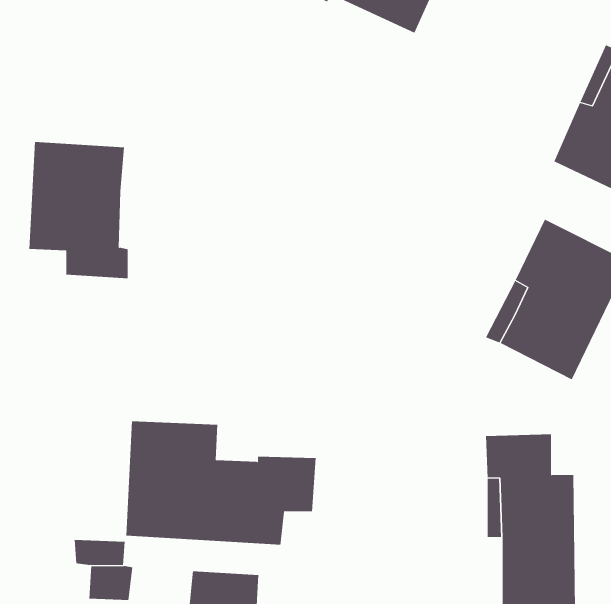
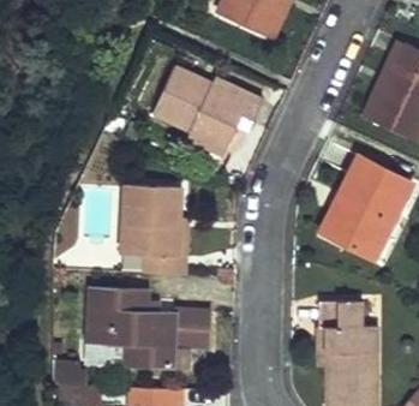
building: none -> [157,61,265,150]
building: [29,142,129,279] -> [124,180,188,269]

